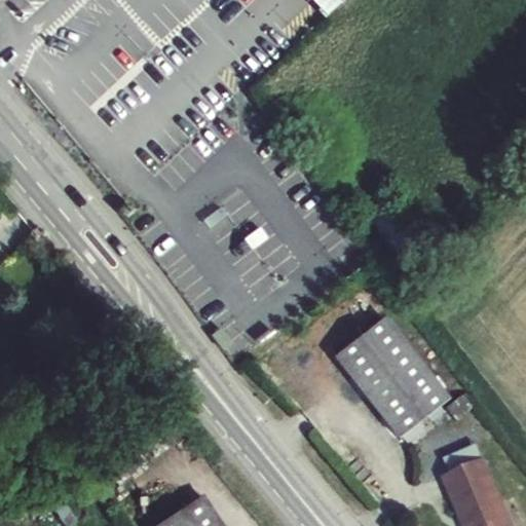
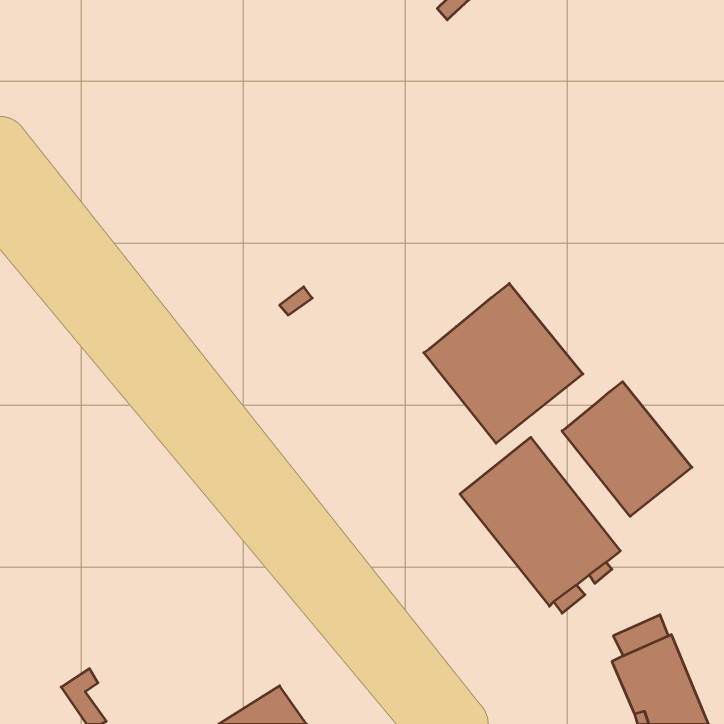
building: none -> [424,283,583,443]
building: none -> [562,382,692,516]

